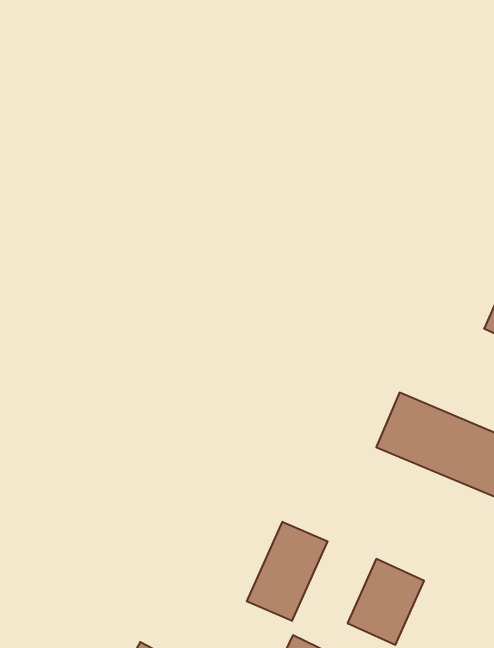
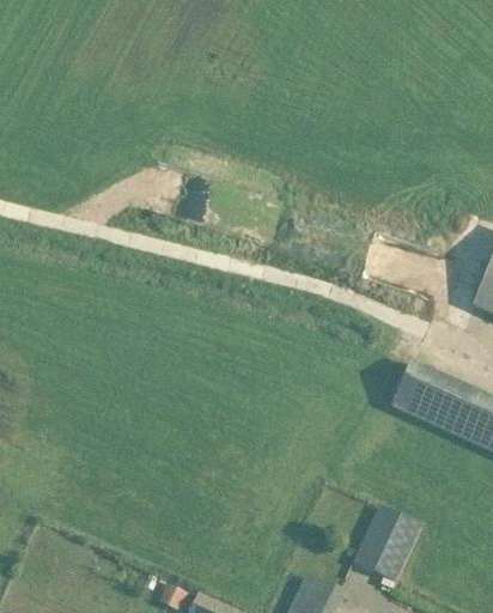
building: [247,522,328,621] -> none

